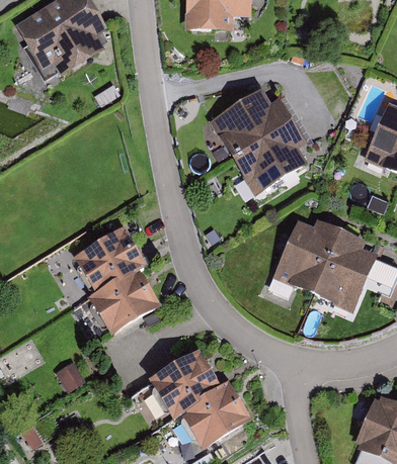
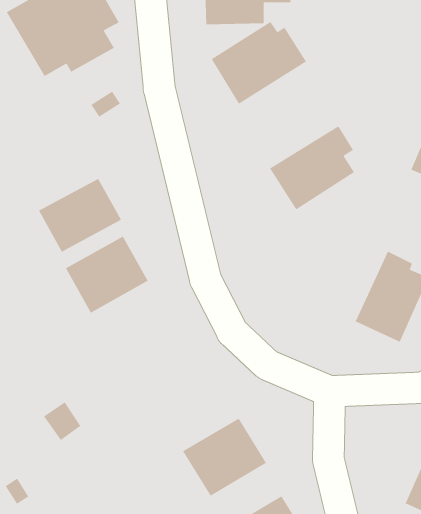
building: [216,88,300,161] -> [211,21,307,104]
building: [274,218,343,292] -> none
building: [83,262,156,327] -> [38,178,122,252]
building: [137,343,211,409] -> none

